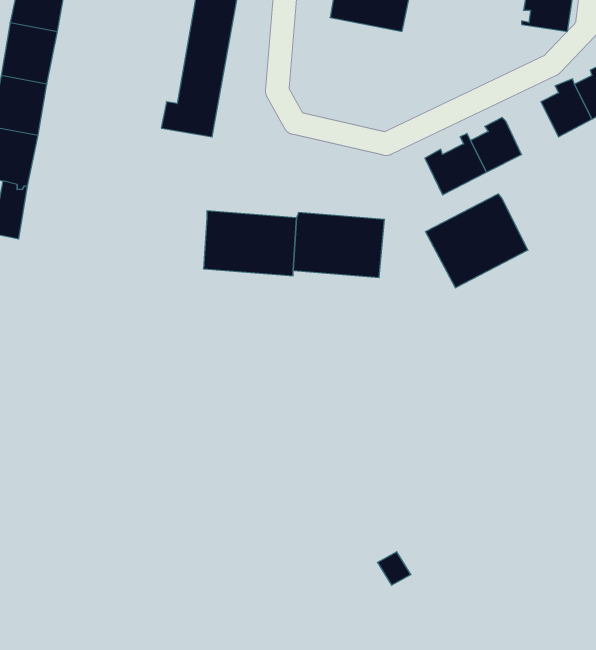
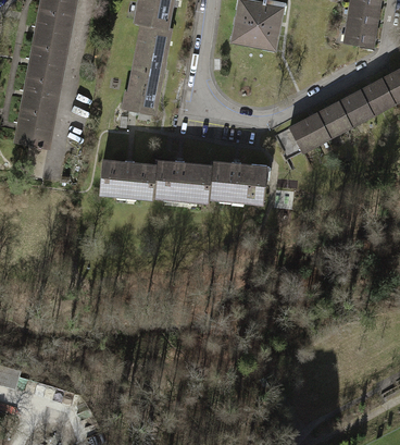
building: none -> [338,90,371,125]
building: [426,194,528,288] -> none
building: none -> [97,160,153,198]

